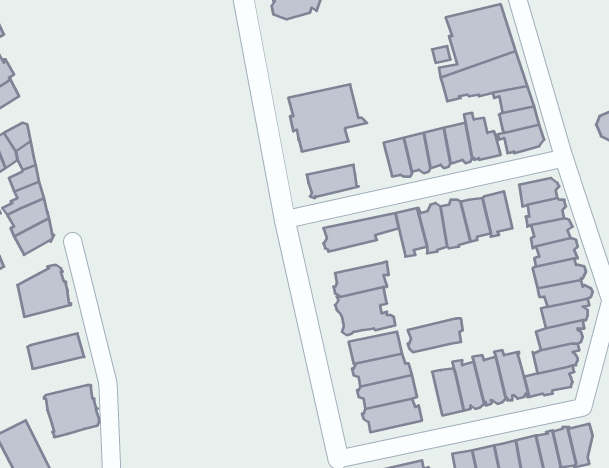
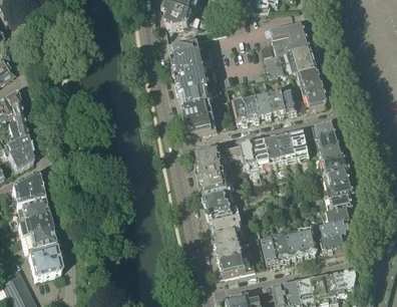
building: none -> [168,41,218,75]
building: none -> [181,100,214,120]
building: none -> [9,202,48,228]
building: [408,319,463,352] -> [198,160,232,180]
building: none -> [21,230,55,252]

